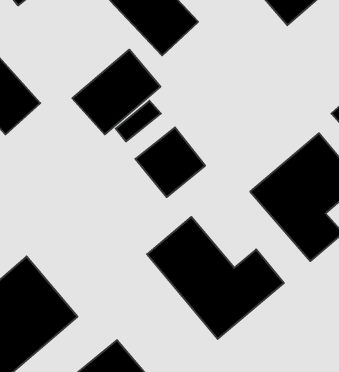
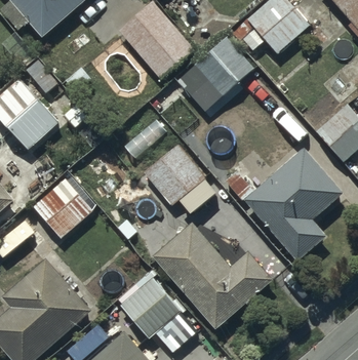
building: [72,50,160,134] -> [175,36,253,111]
building: none -> [32,176,93,238]
building: none -> [120,277,198,353]

